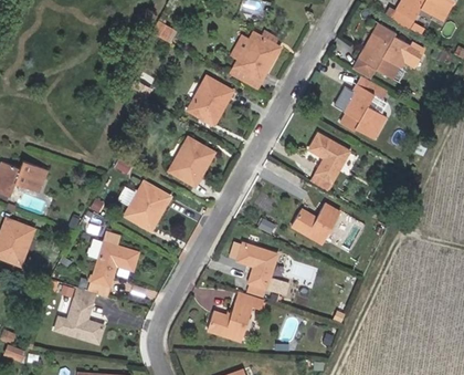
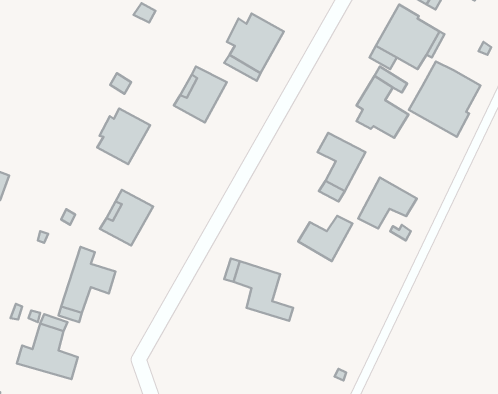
building: none -> [409,62,480,137]
building: [169,137,214,185] -> [97,108,150,164]
building: none -> [358,178,417,229]
building: [209,292,264,341] -> none

